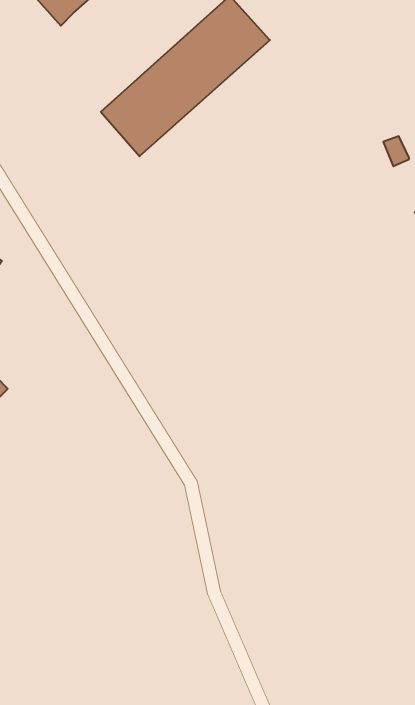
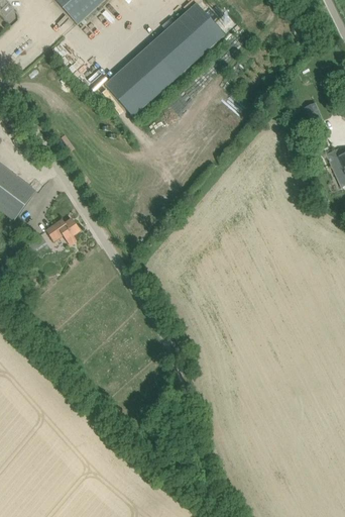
building: none -> [46,217,81,243]

